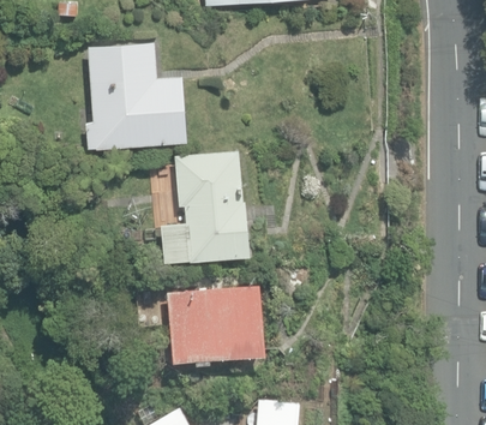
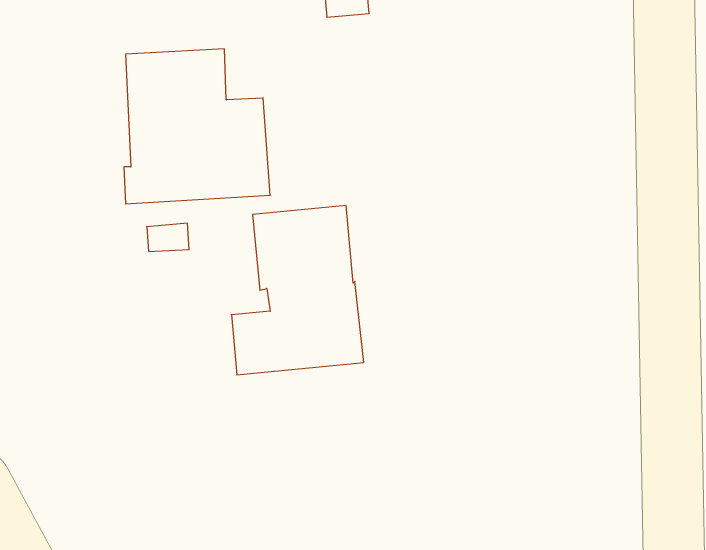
building: [167,283,265,366] -> none

